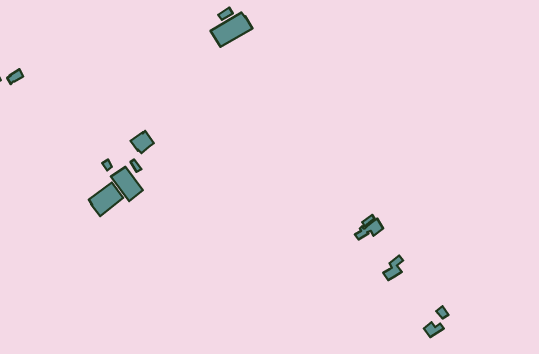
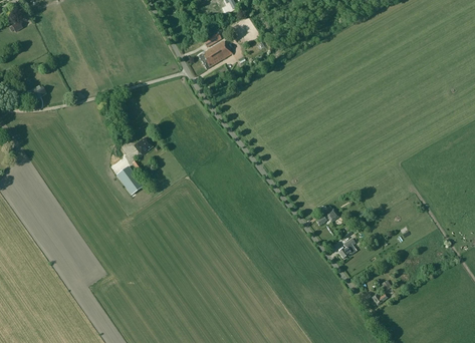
building: [89,182,123,216] -> none

